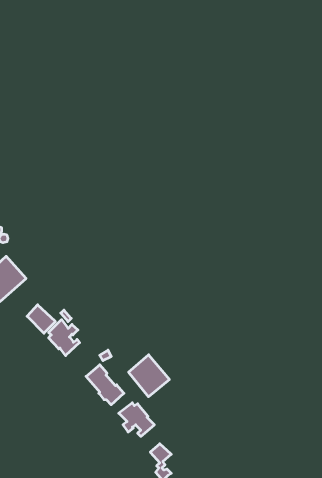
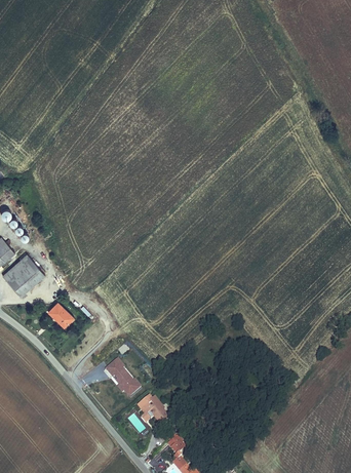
building: [49,320,80,356] -> none
building: [129,355,169,397] -> none

